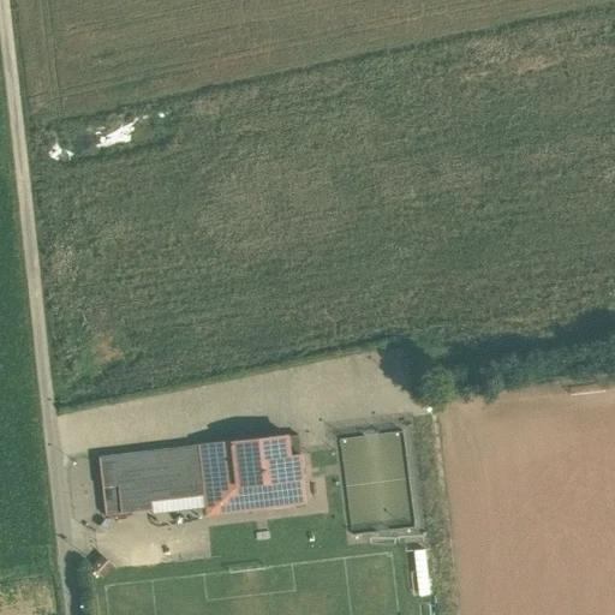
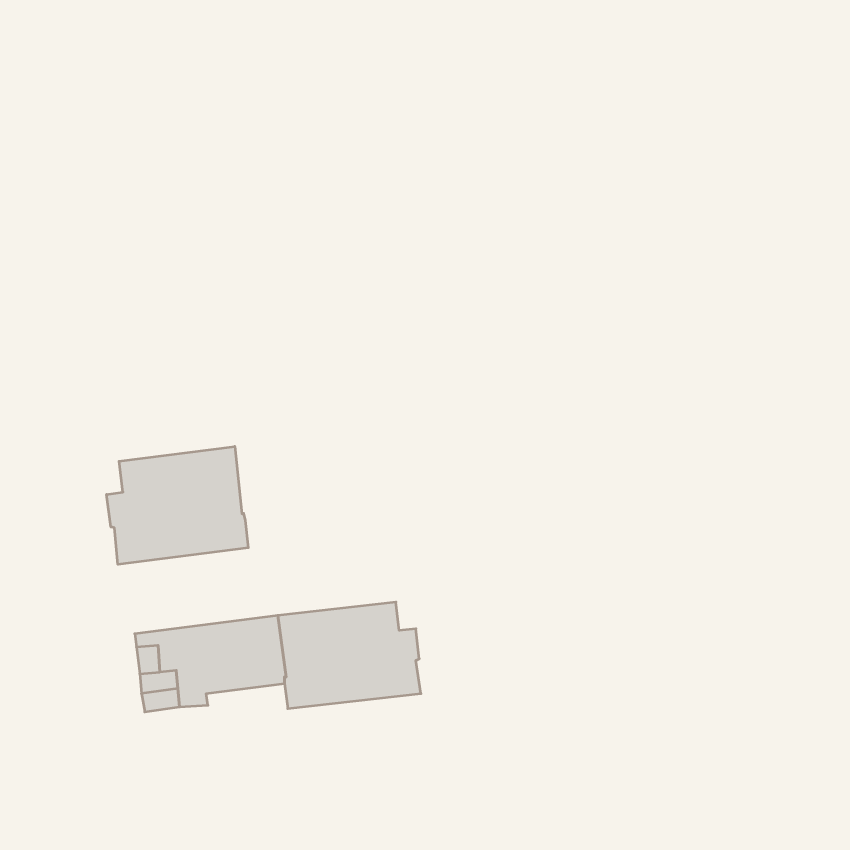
building: none -> [107,446,248,564]

